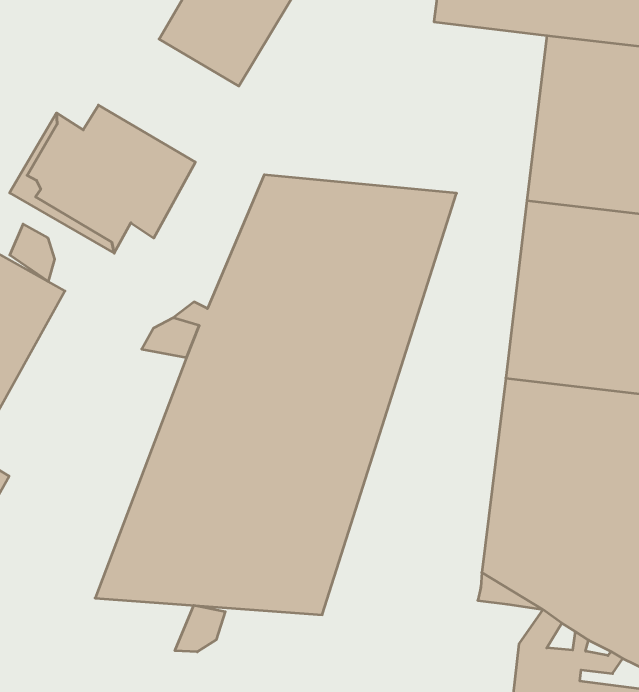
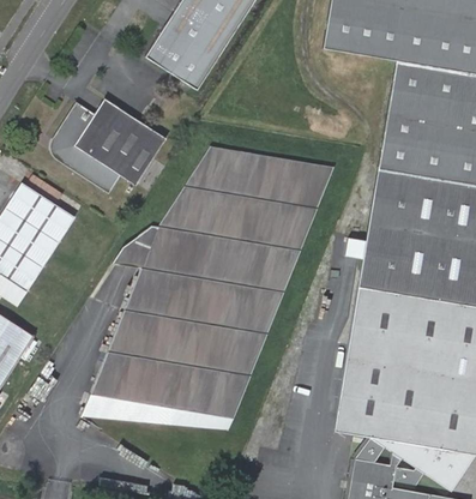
building: [10,224,55,282] -> none
building: [175,605,225,652] -> none

